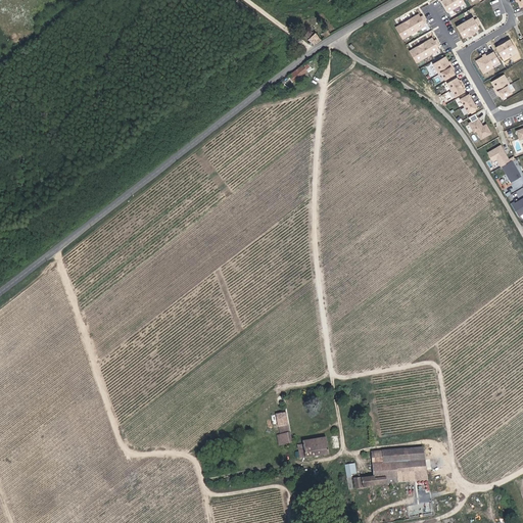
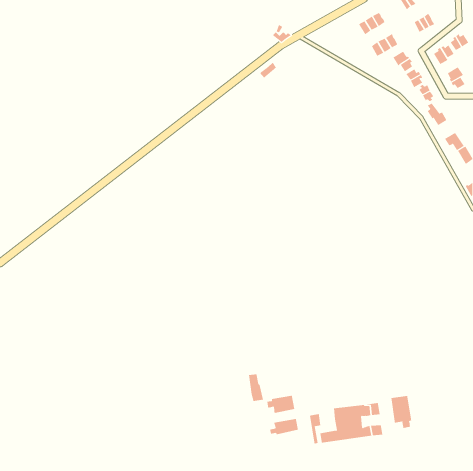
building: none -> [391,395,412,429]
building: none -> [269,418,299,435]

